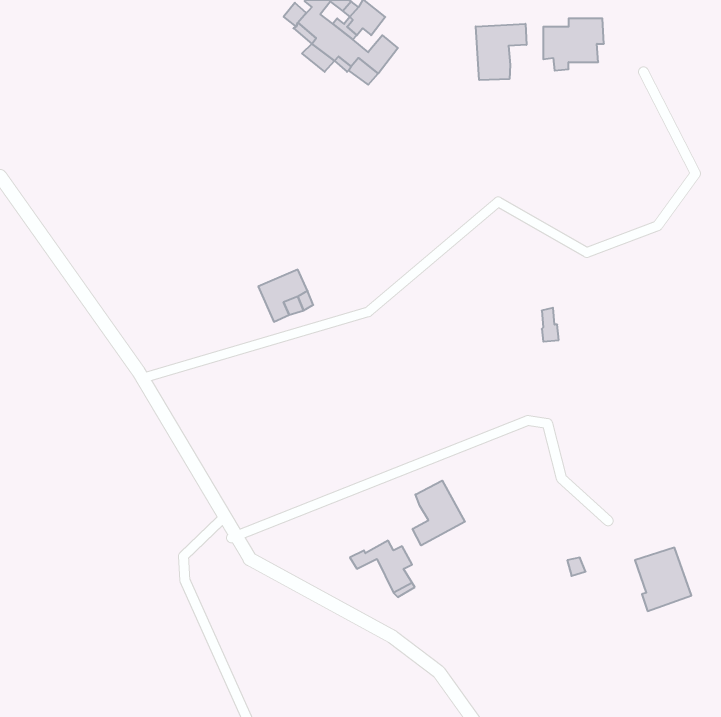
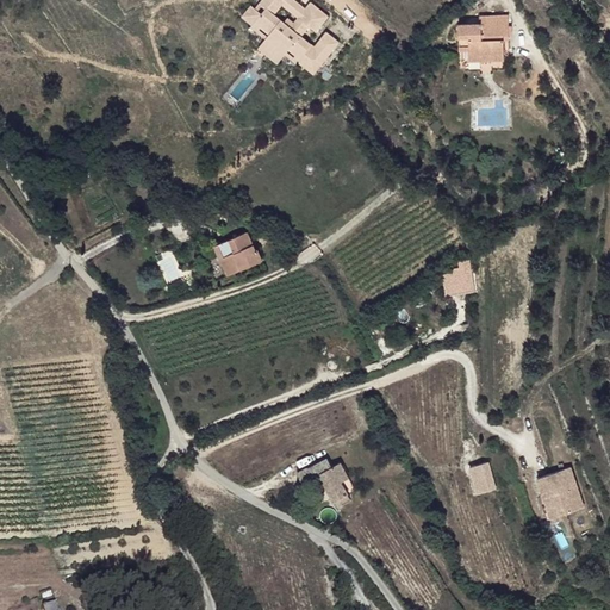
building: [476,24,526,80] -> none
building: [413,481,465,545] -> none

